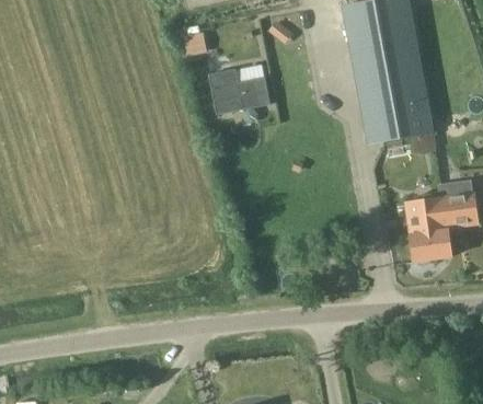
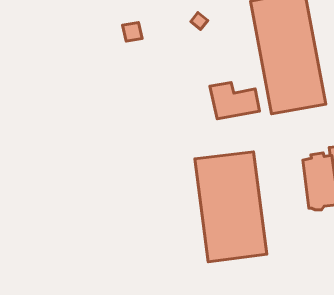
building: [208,69,269,114] -> [210,83,260,119]
building: none -> [195,152,267,262]

